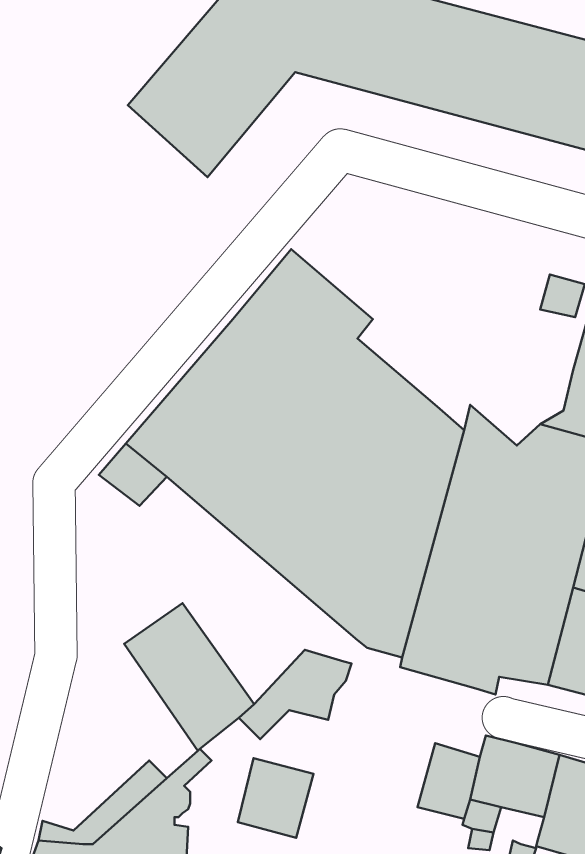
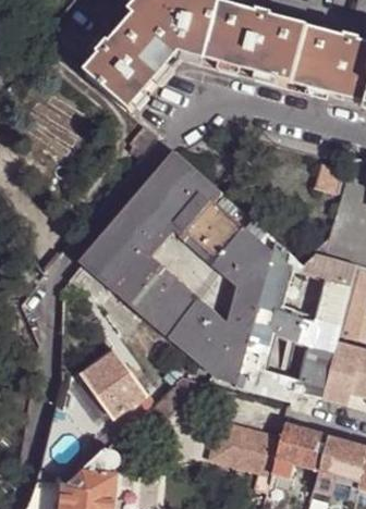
building: [238,758,314,838] -> [215,419,257,463]

